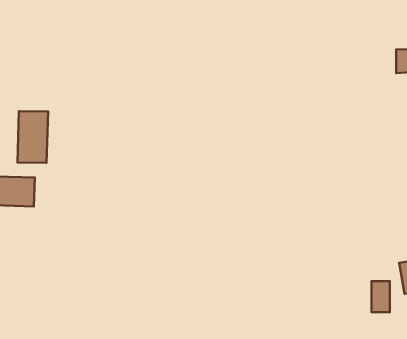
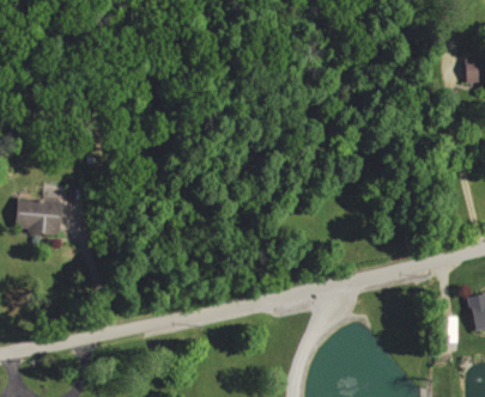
building: [17,111,48,163] -> none

